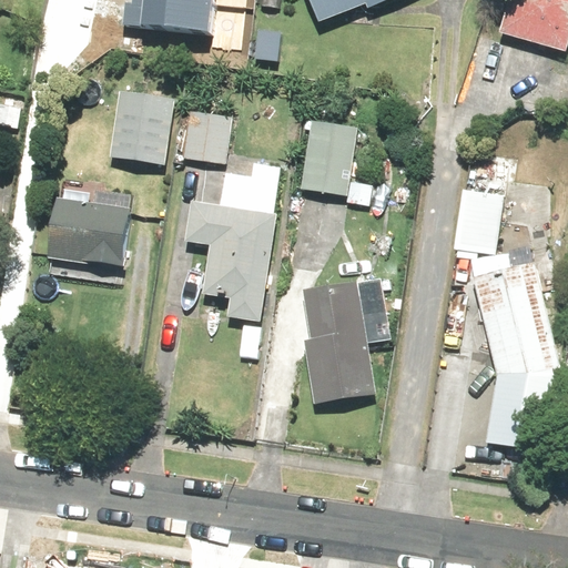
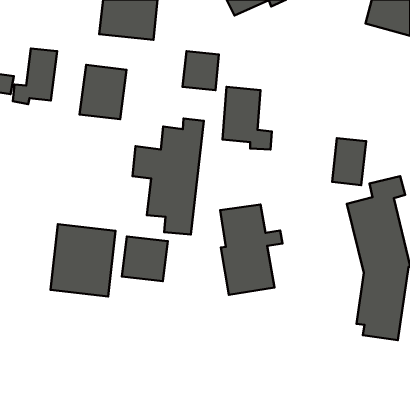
building: none -> [13,48,57,104]
building: [182,108,232,161] -> [182,51,219,90]
building: [47,185,135,284] -> [51,224,116,296]
building: none -> [122,237,168,281]

